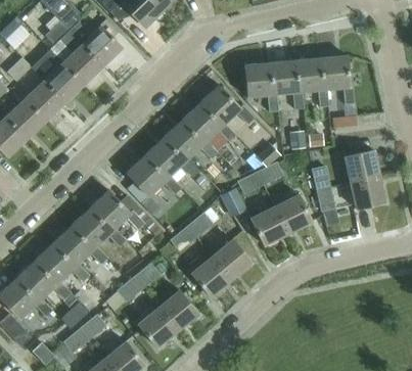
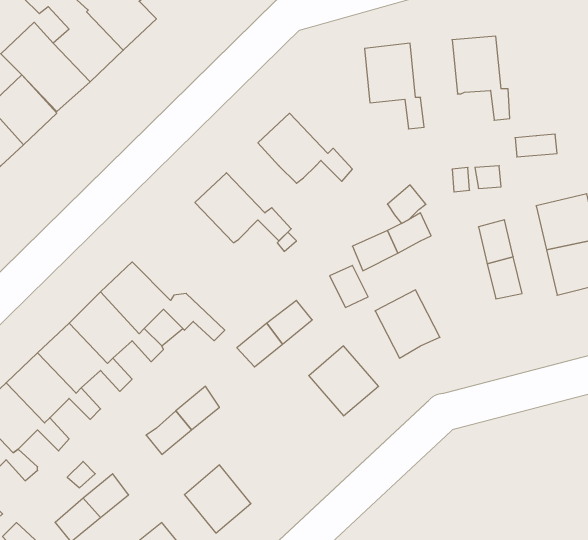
building: [321,54,355,104] -> none
building: [271,59,305,108] -> none
building: [200,84,257,126] -> none
building: [164,120,220,160] -> none
building: [127,154,182,216] -> none
building: [274,193,313,233] -> none
building: [191,256,232,296] -> none
building: [159,290,199,330] -> none

